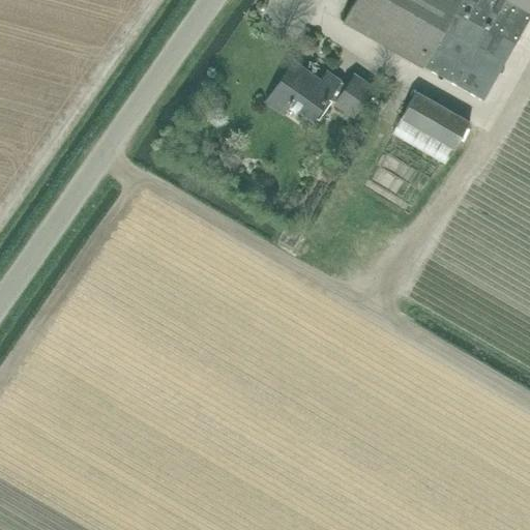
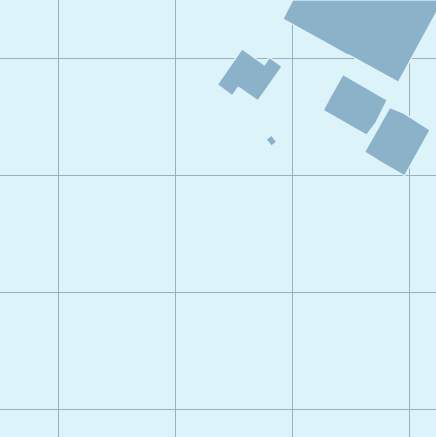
building: [332,71,376,118] -> none
building: none -> [364,108,430,176]

